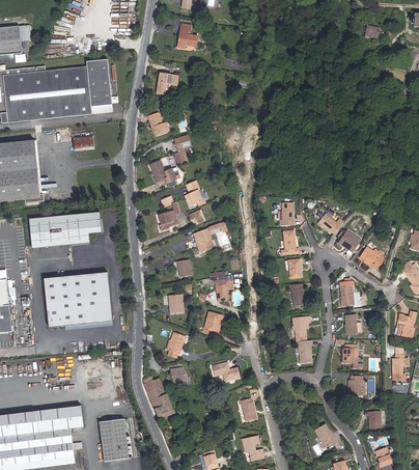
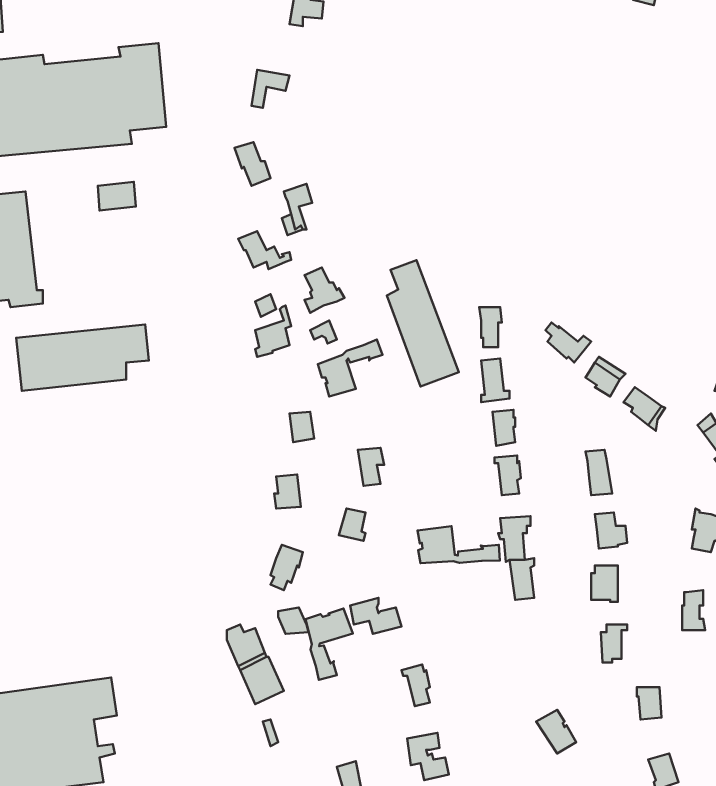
building: none -> [387,260,459,386]
building: [44,272,112,328] -> none
building: none -> [418,526,500,563]
building: none -> [306,608,353,680]
building: [99,417,130,460] -> none

